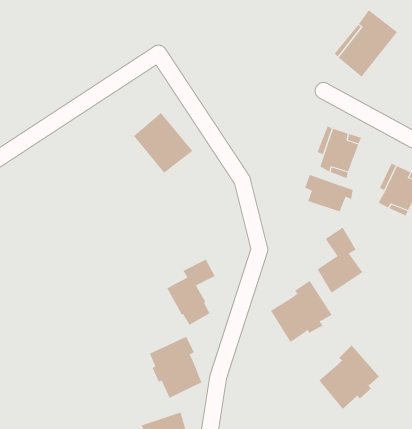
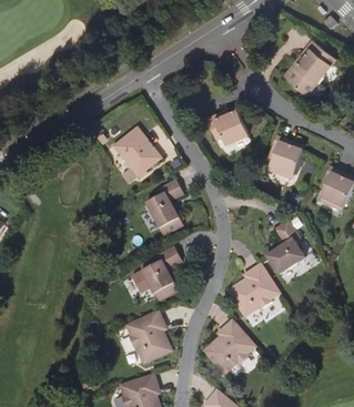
building: none -> [204,110,246,144]
building: [304,174,353,212] -> none
building: none -> [146,180,184,236]
building: [319,345,380,410] -> [204,319,255,374]

